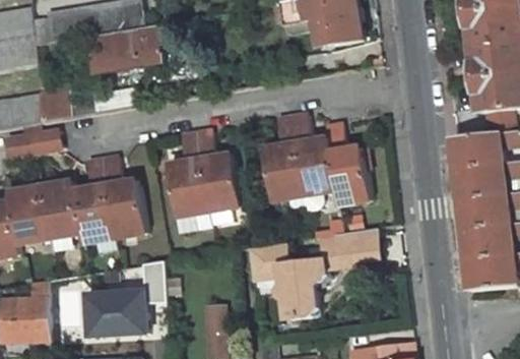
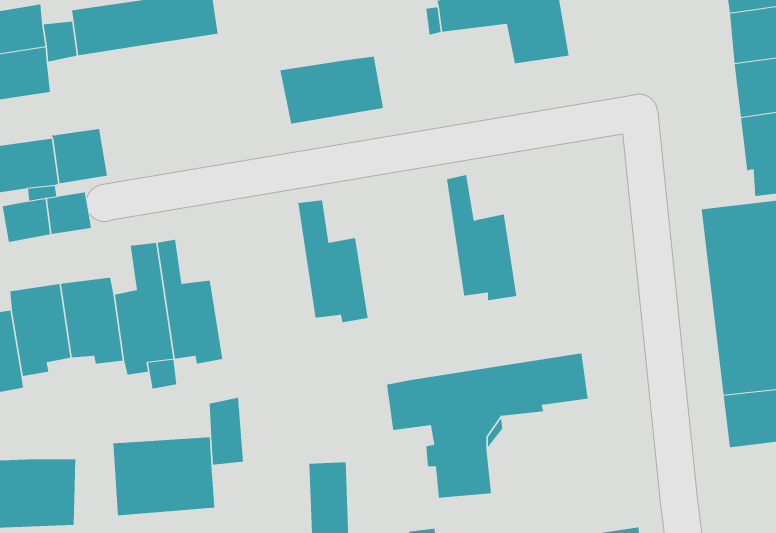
building: [95,22,162,66] -> [279,56,384,124]
building: [257,118,299,203] -> none
building: [323,127,369,208] -> none
building: [165,133,203,218] -> none

